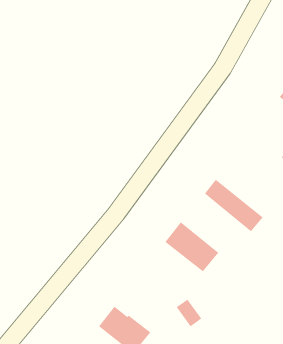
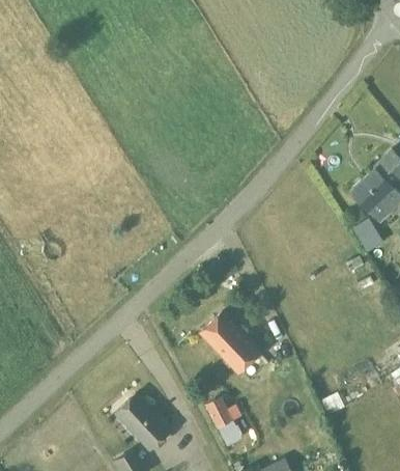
building: [204,179,263,232] -> none

